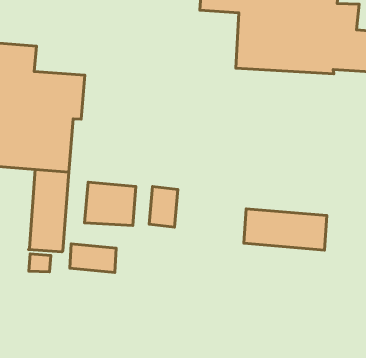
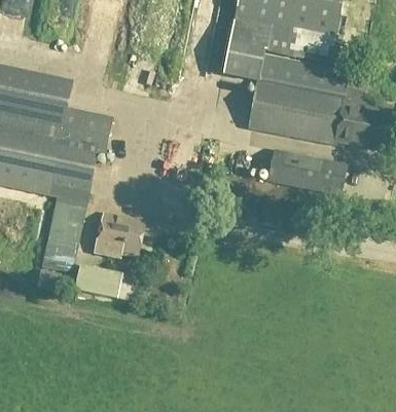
building: [149,187,178,227] -> none
building: [244,209,327,250] -> [266,150,345,196]

